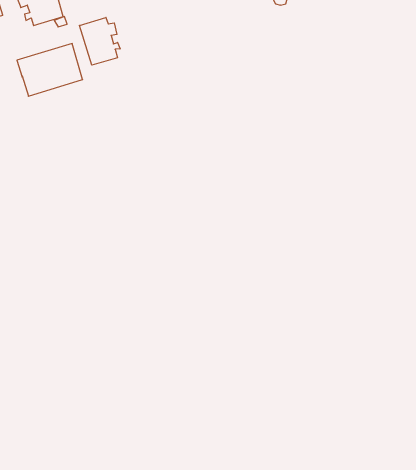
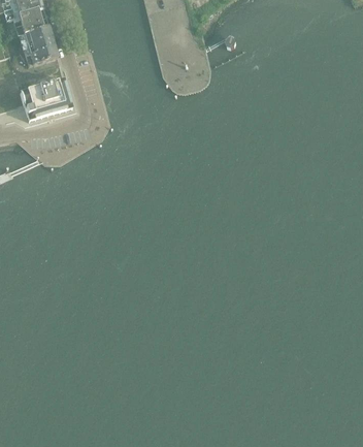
building: [79,17,120,65] -> none

